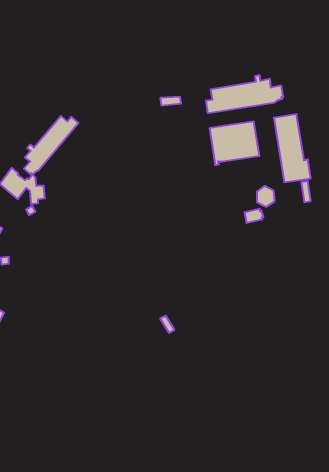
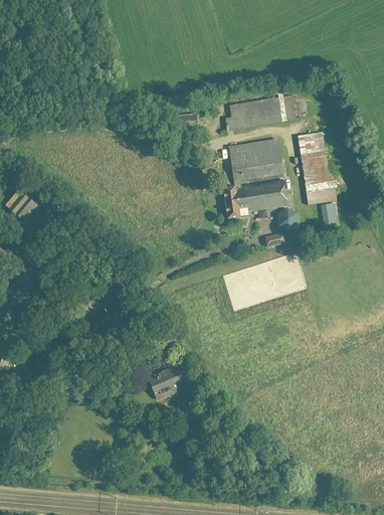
building: [24,116,79,175] -> none
building: none -> [223,179,287,217]
building: none -> [149,367,188,398]

